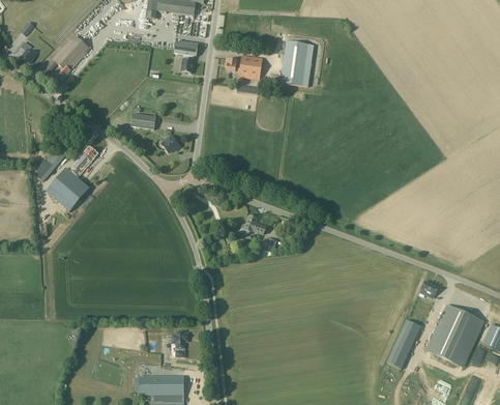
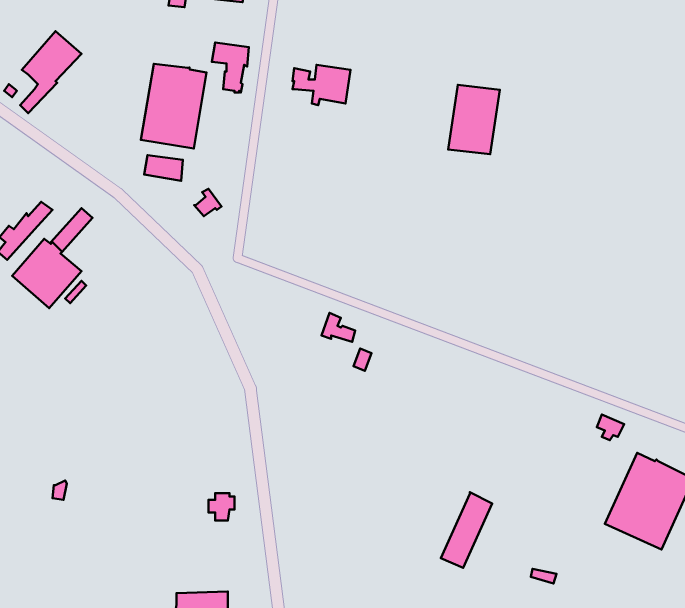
building: [281,41,314,86] -> [448,85,500,154]
building: none -> [141,64,207,149]
building: [387,319,420,368] -> [441,492,492,568]
building: [139,376,184,395] -> none

